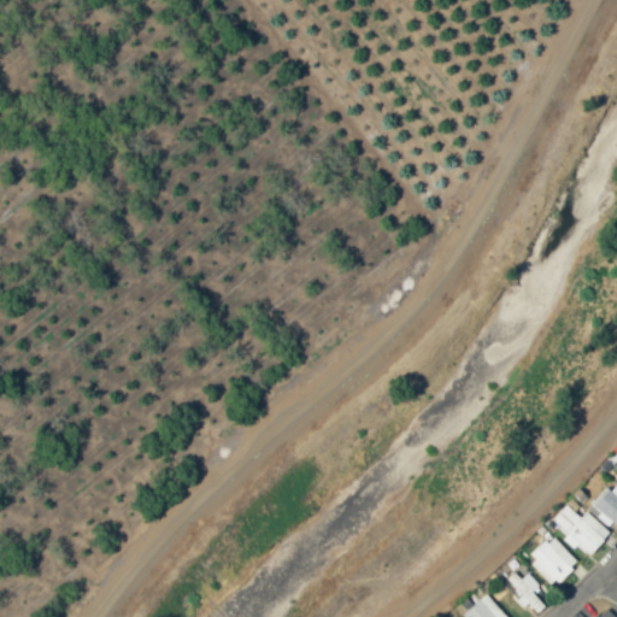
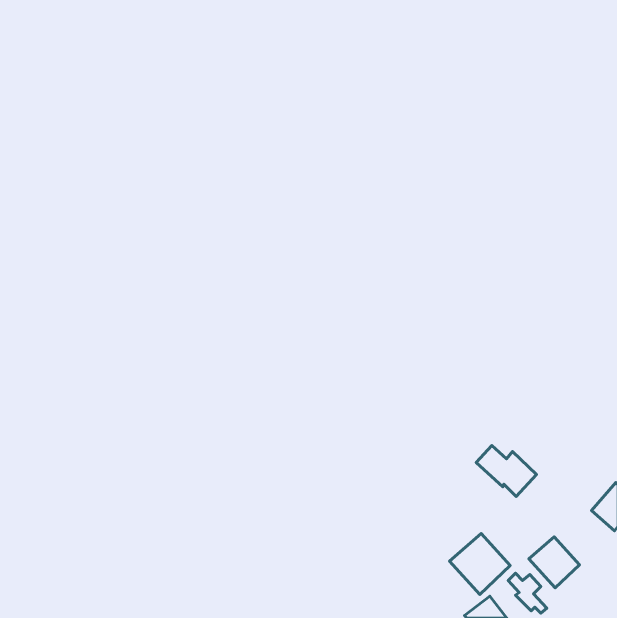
building: [551,505,611,556] -> [476,446,537,496]
building: none -> [450,533,510,594]

